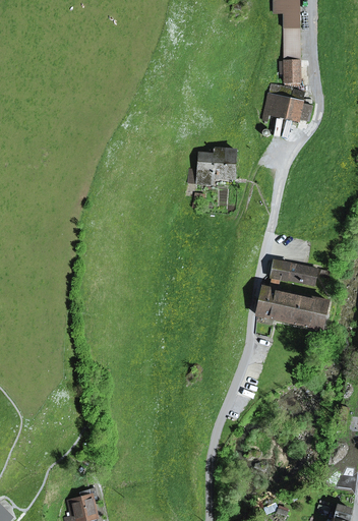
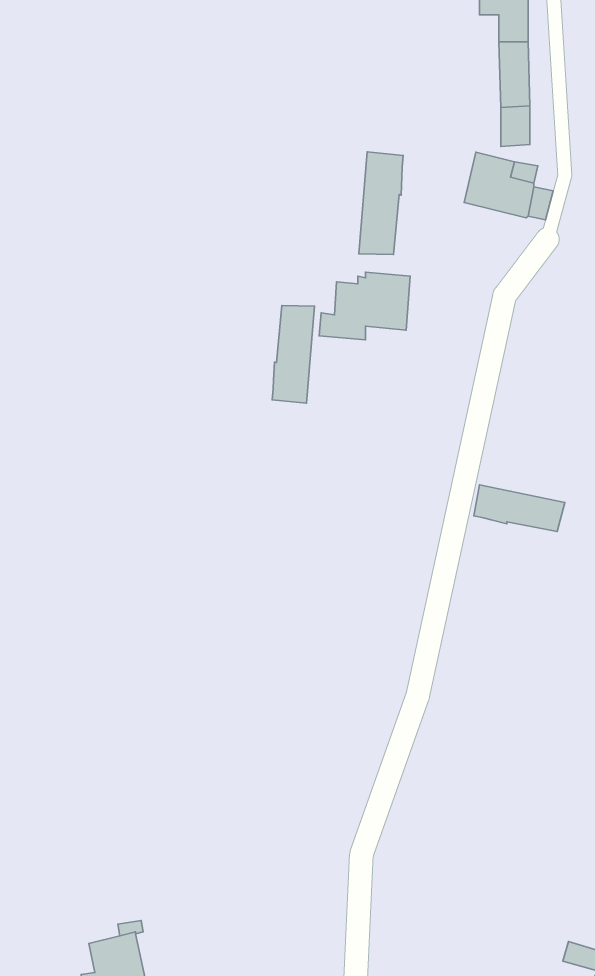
building: none -> [359,152,403,255]
building: none -> [272,305,315,403]
building: [257,287,329,330] -> none

